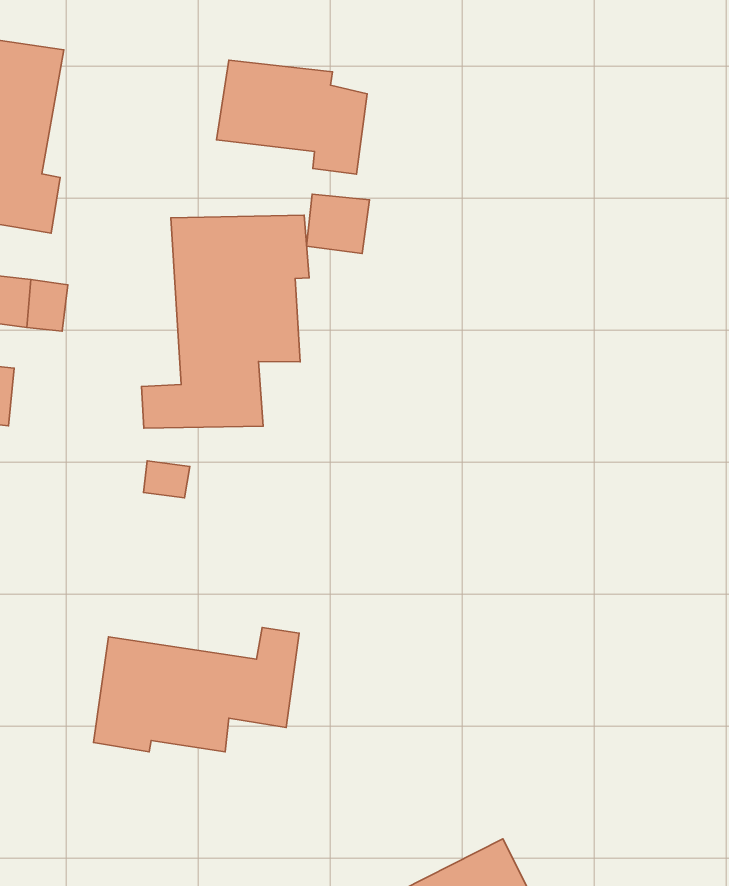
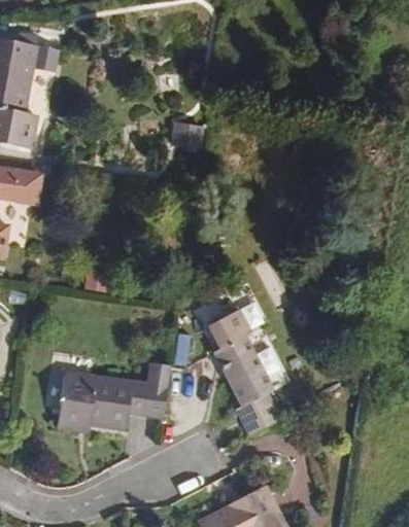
building: [217,60,367,174] -> none
building: [141,215,309,428] -> none
building: none -> [208,304,278,435]

